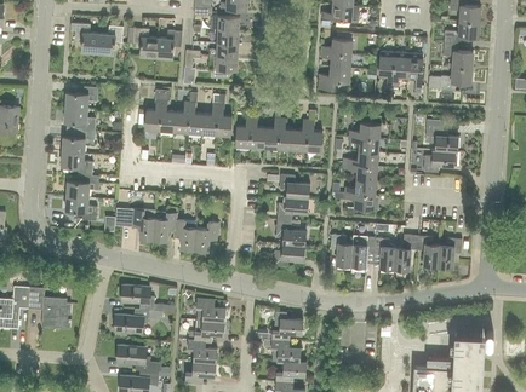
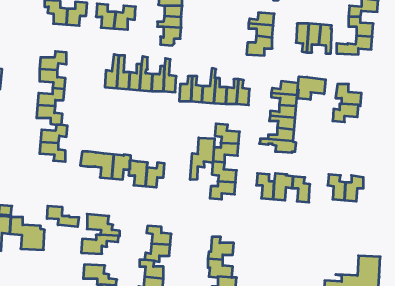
building: none -> [297,77,326,100]
building: none -> [190,138,215,180]
building: [394,234,418,270] -> none
building: none -> [47,206,79,227]

